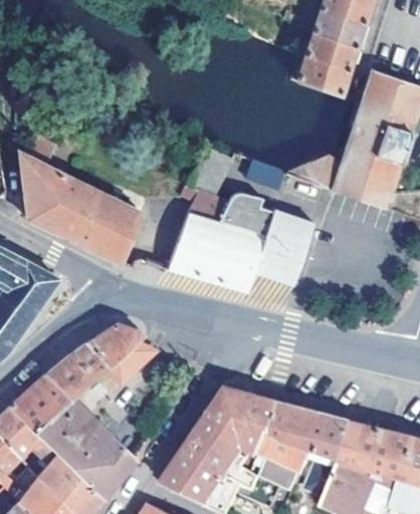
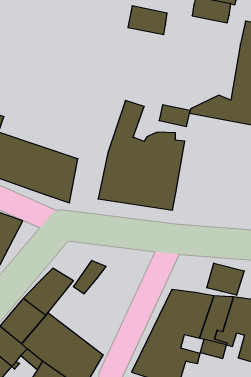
building: [297,54,349,95] -> [128,6,167,35]
building: [255,209,316,283] -> none
building: [89,324,145,362] -> none
building: none -> [207,263,244,295]

